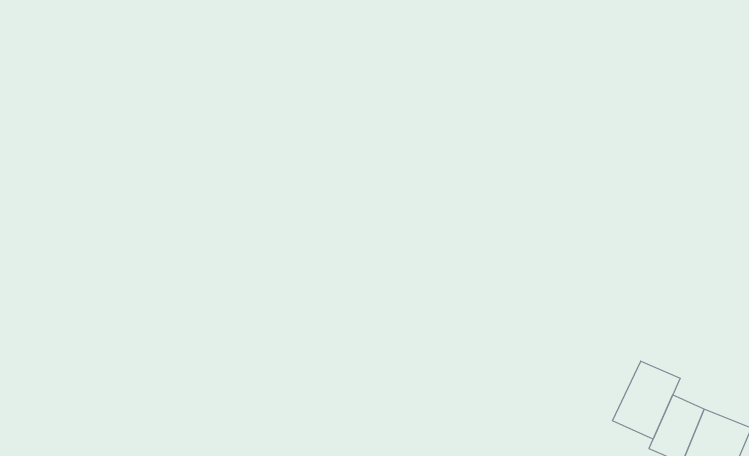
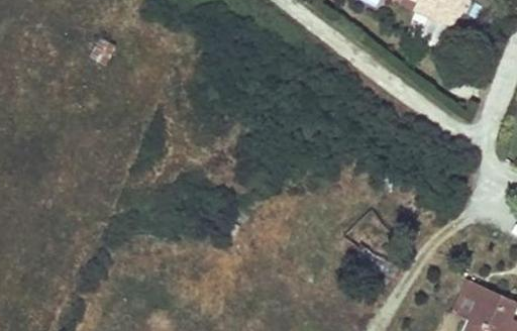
building: [612,361,680,439] -> none

